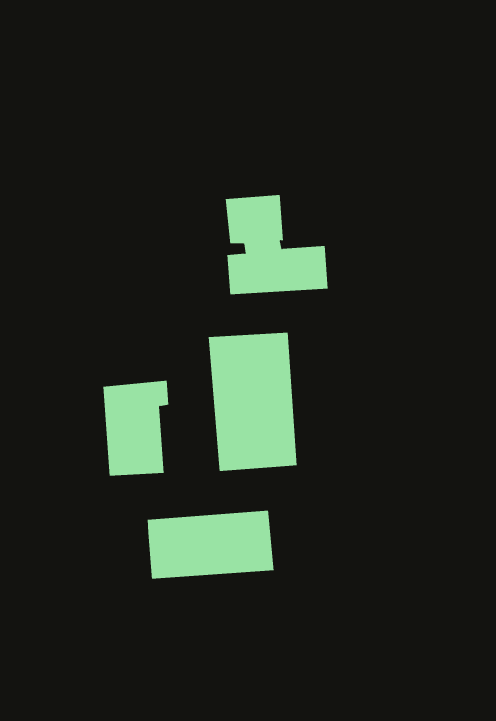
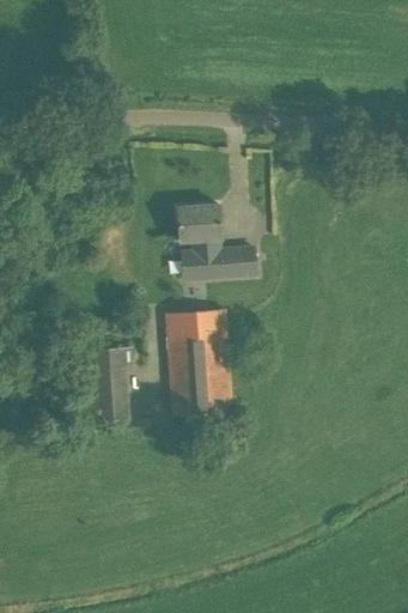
building: [147,510,274,580] -> none

